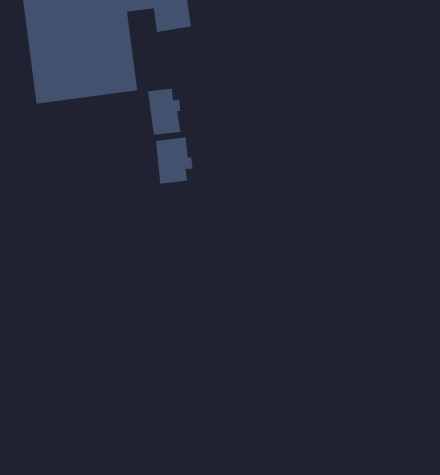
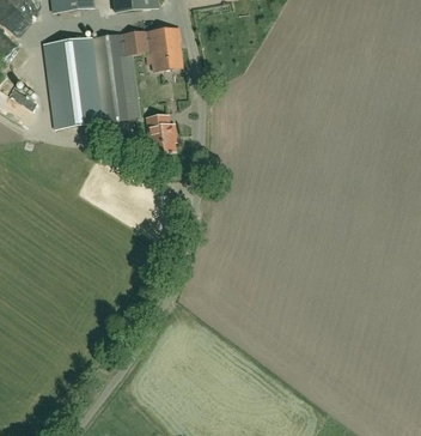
building: [155,136,193,185] -> none

